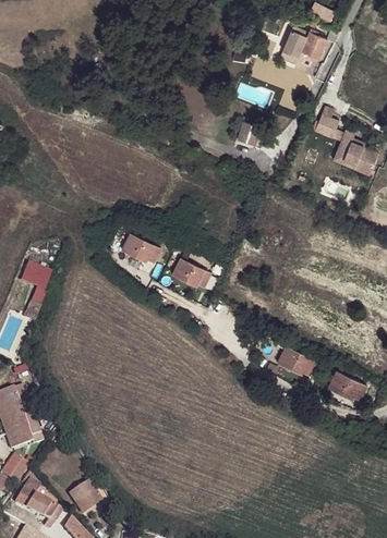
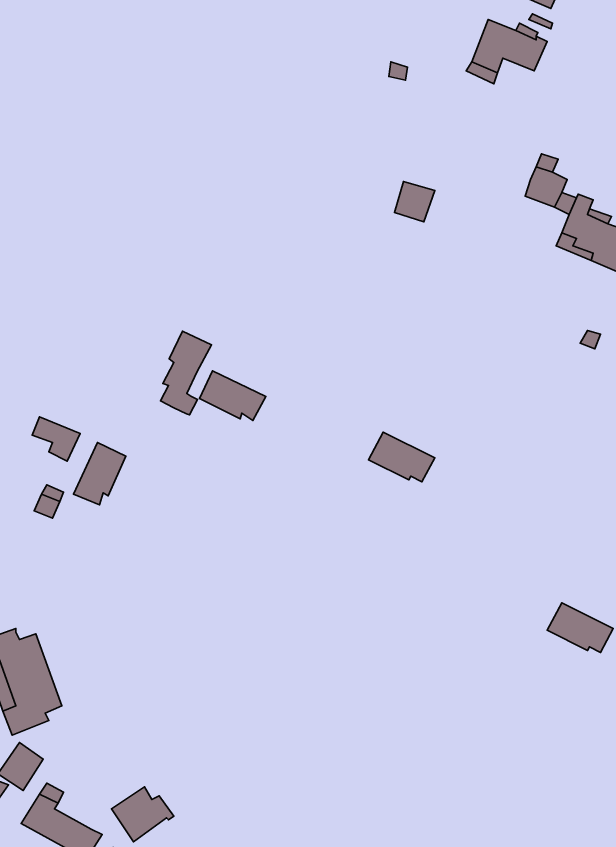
building: none -> [161,331,211,415]
building: [172,257,211,286] -> [369,432,435,482]
building: none -> [73,443,126,505]
building: [278,345,316,375] -> none

